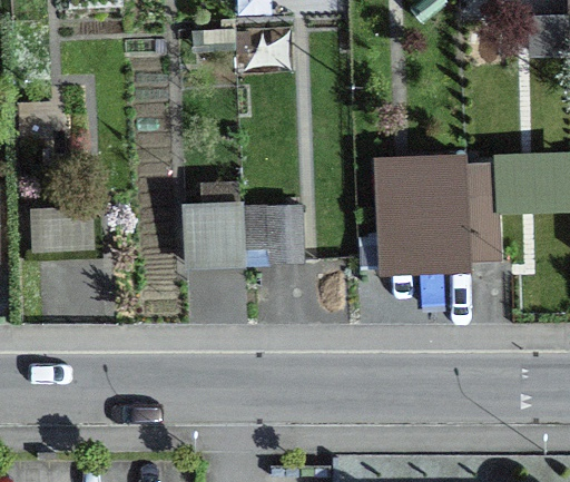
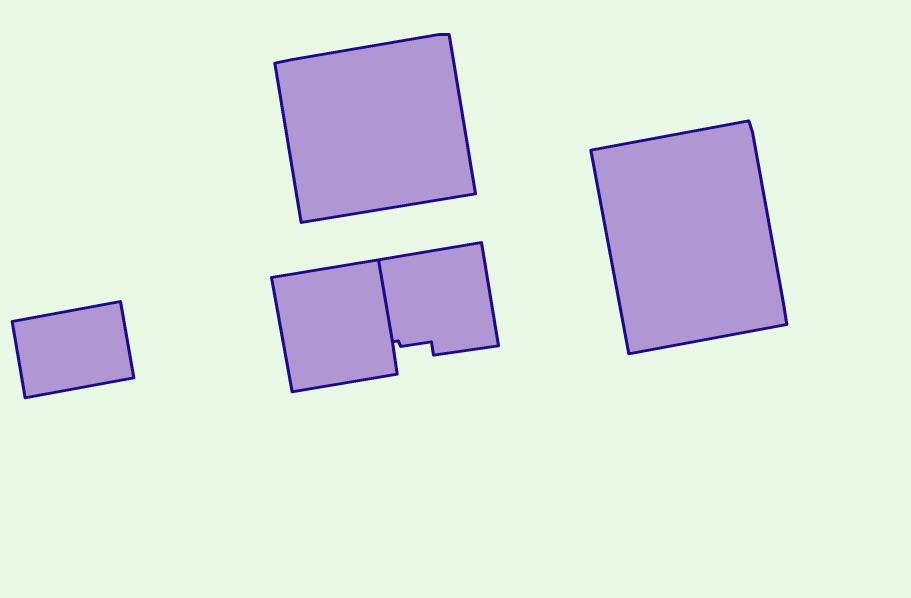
building: none -> [275,35,475,222]
building: [468,159,525,262] -> none

